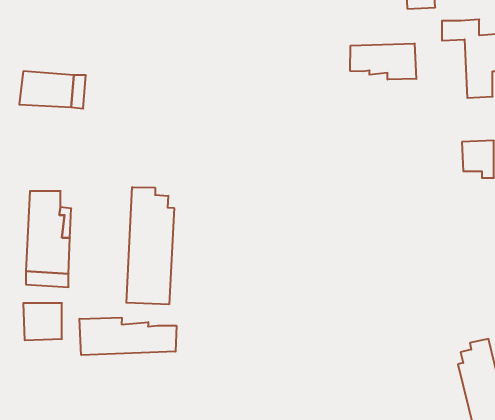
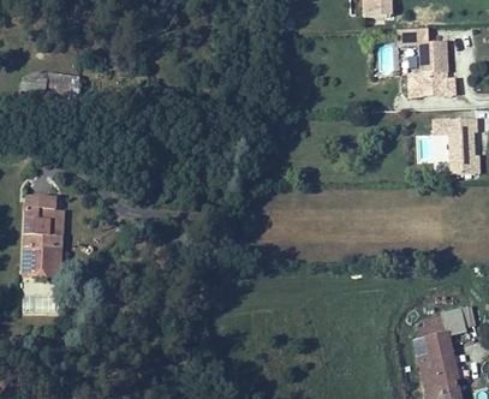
building: [350,43,416,80] -> none
building: [126,187,174,304] -> none
building: [79,318,176,355] -> none

